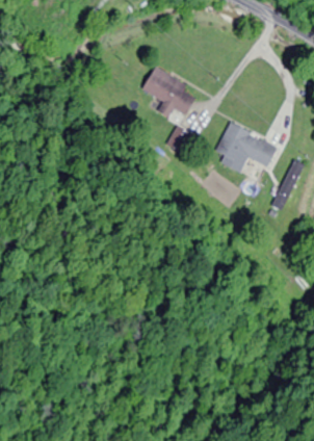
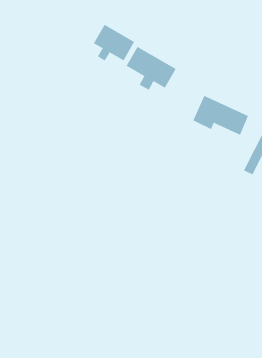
building: none -> [93,24,135,62]

